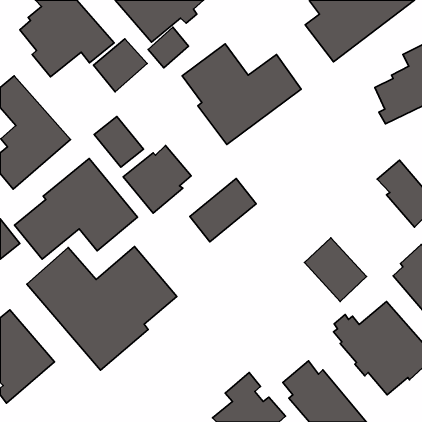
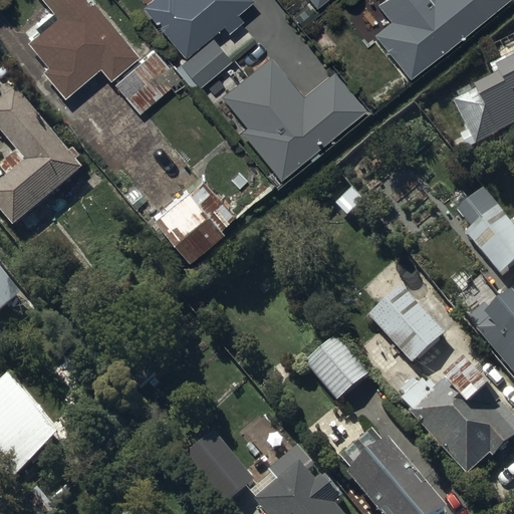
building: [94,117,144,167] -> none
building: [14,158,137,259] -> none
building: [190,179,256,242] -> none
building: [27,247,177,370] -> none
building: none -> [306,338,370,404]
building: none -> [189,436,256,506]

